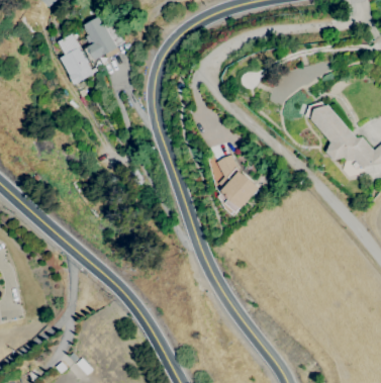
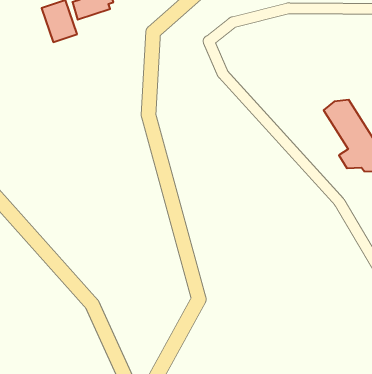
building: [213,153,256,211] -> none

